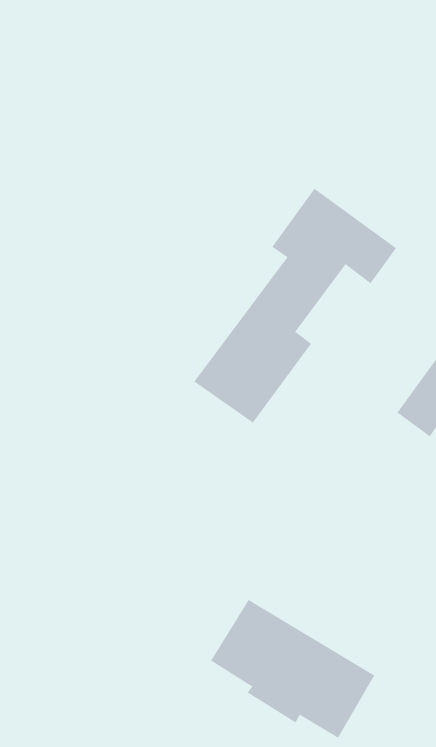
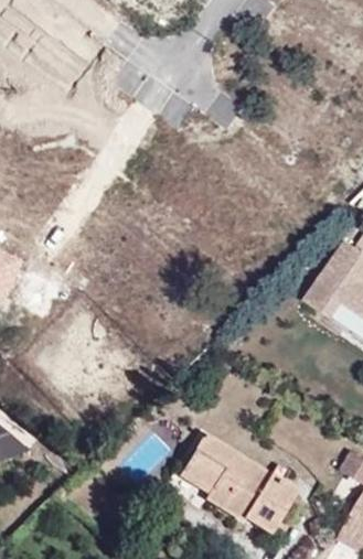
building: [193,188,397,423] -> none

